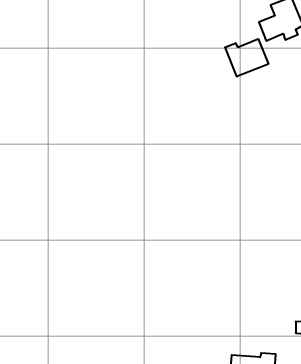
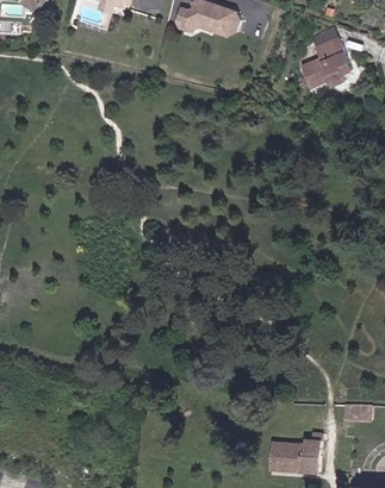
building: [225,39,268,77] -> none

